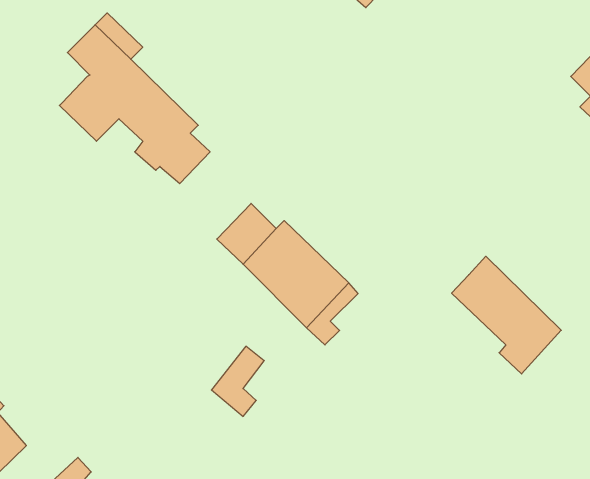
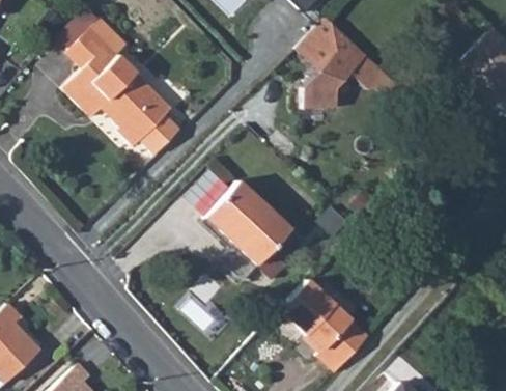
building: none -> [296,20,398,111]
building: [452,256,561,374] -> [278,281,364,373]

